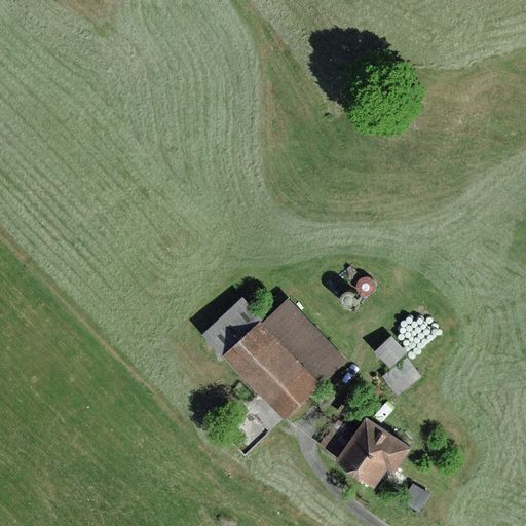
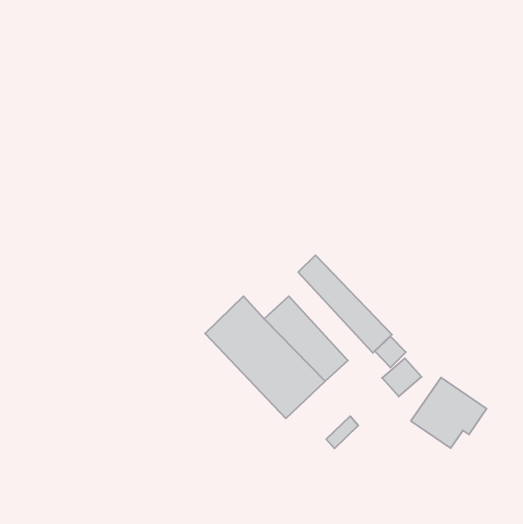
building: none -> [298,255,392,353]
building: [337,415,412,485] -> [411,378,487,448]

